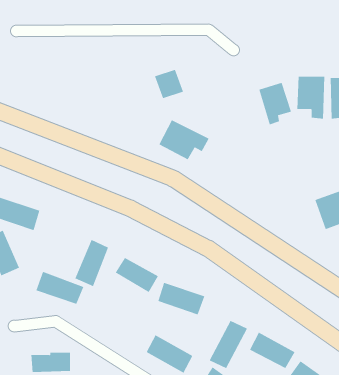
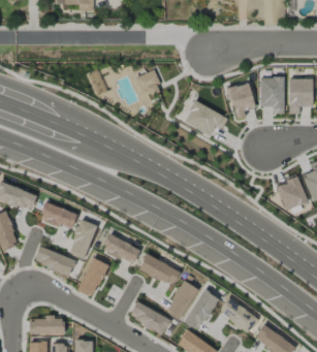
building: [158,120,209,160] -> [184,101,228,136]
building: none -> [39,202,77,230]
building: none -> [77,258,107,298]
building: none -> [165,281,198,320]

